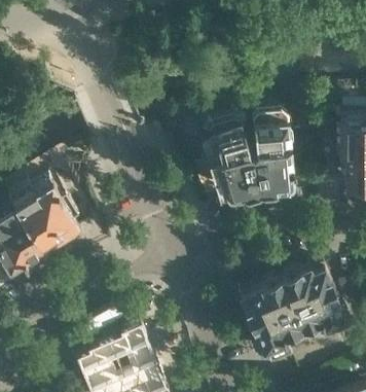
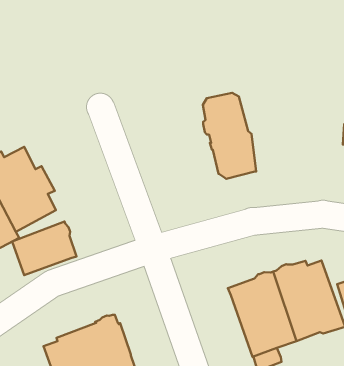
building: [254,113,294,190] -> none
building: none -> [12,222,77,275]

